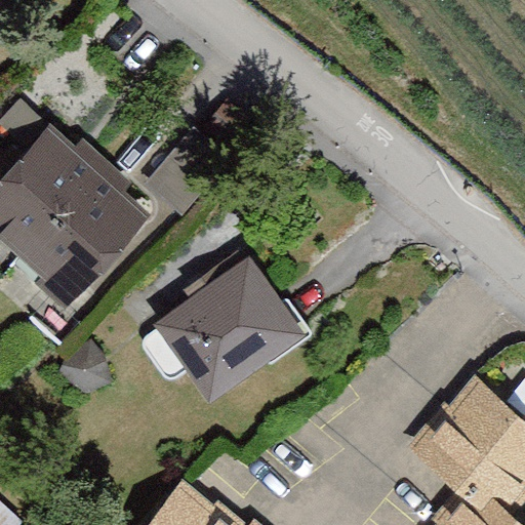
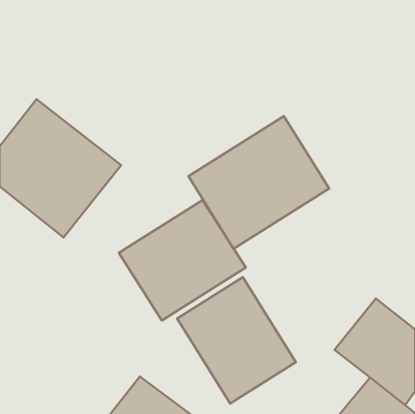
building: none -> [188,116,329,249]
building: none -> [177,277,296,404]

